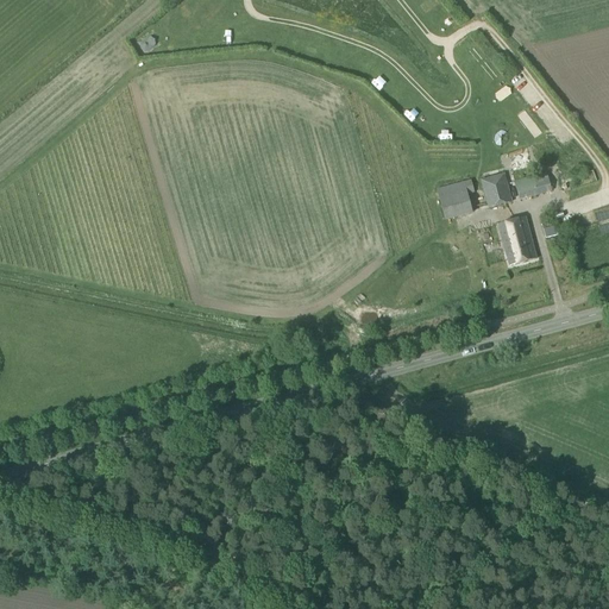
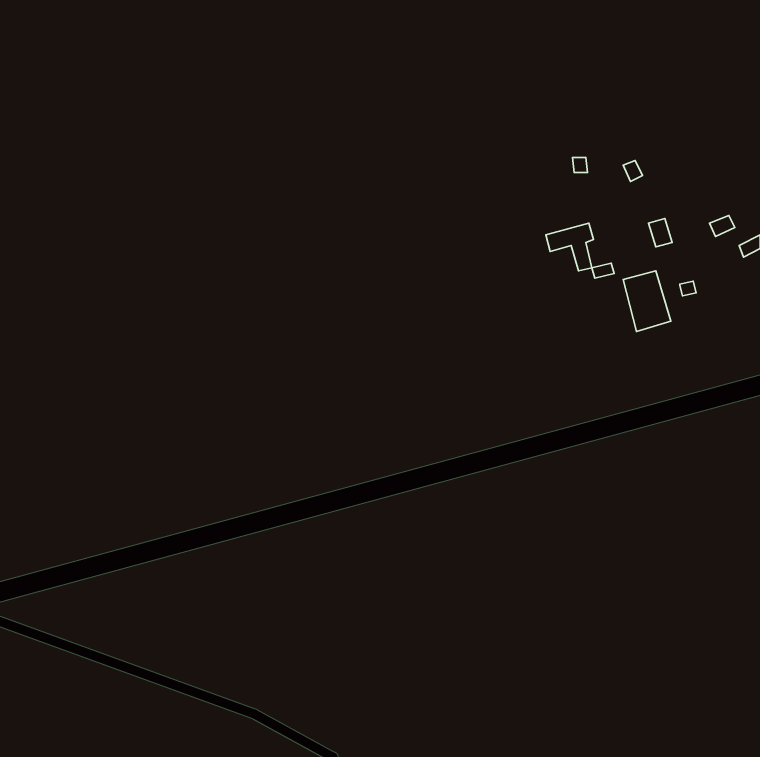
building: [481,172,511,207] -> none

